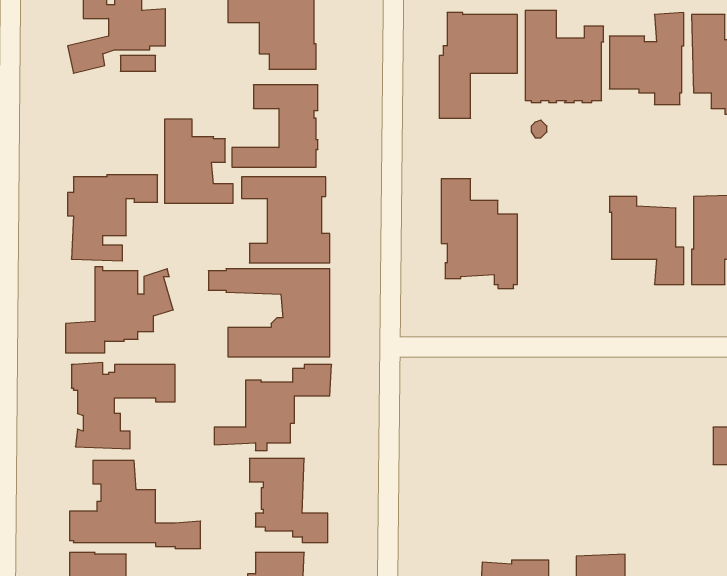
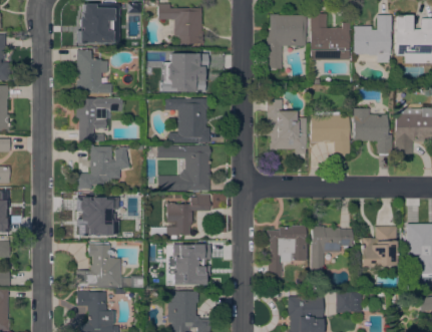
building: [165,119,233,203] -> [77,50,112,93]
building: none -> [312,111,350,152]
building: none -> [268,226,307,277]
building: none -> [312,226,353,271]
building: none -> [361,226,397,268]

